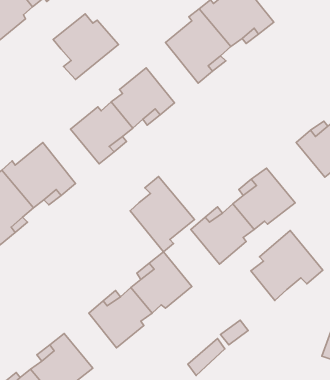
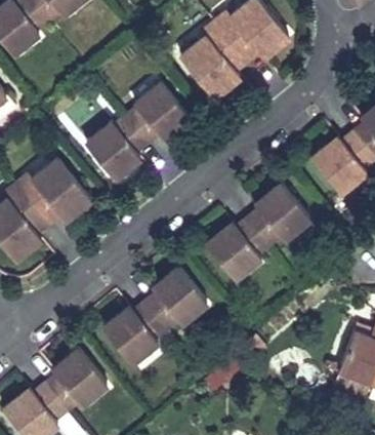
building: [53,14,119,79] -> none
building: [130,177,194,252] -> none
building: [251,230,323,300] -> none

